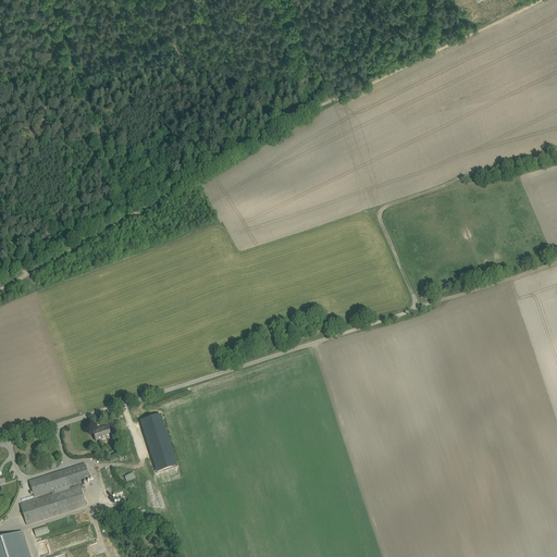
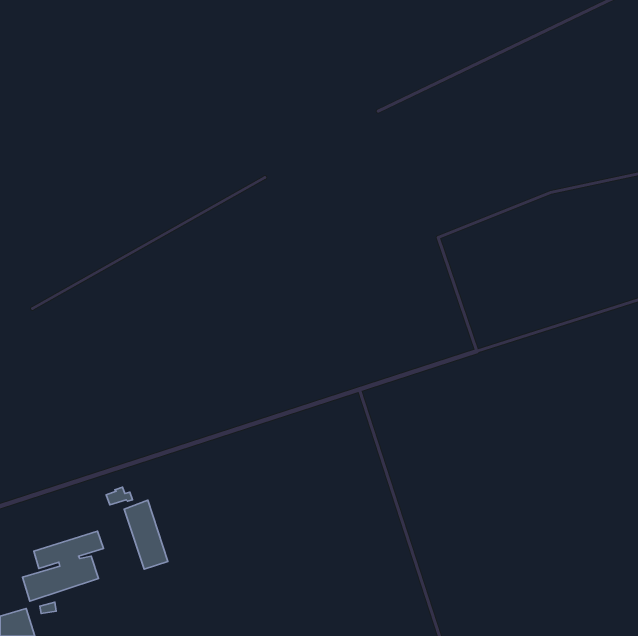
building: [139,412,177,472] -> [124,500,168,569]

